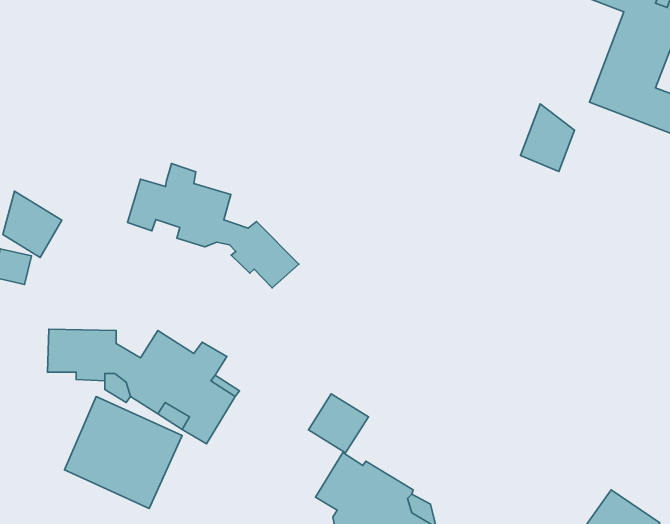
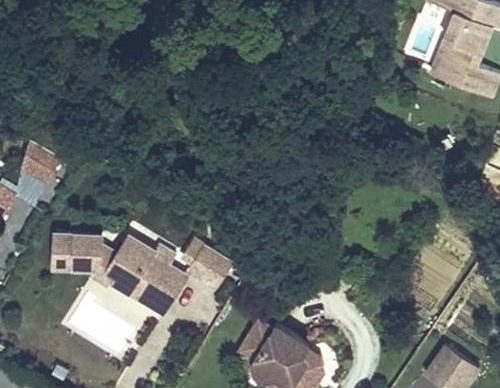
building: [520,104,574,171] -> none
building: [127,164,299,288] -> none
building: [308,394,369,453] -> [189,246,231,287]

